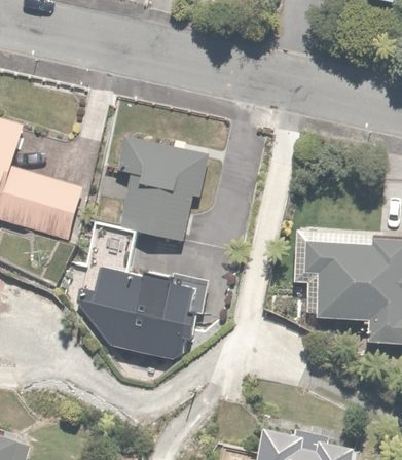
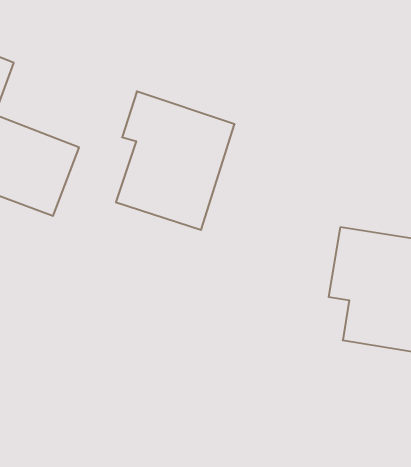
building: [77,271,209,357] -> none

